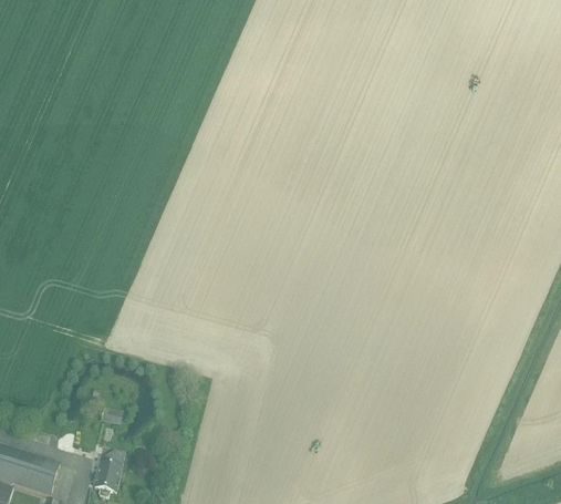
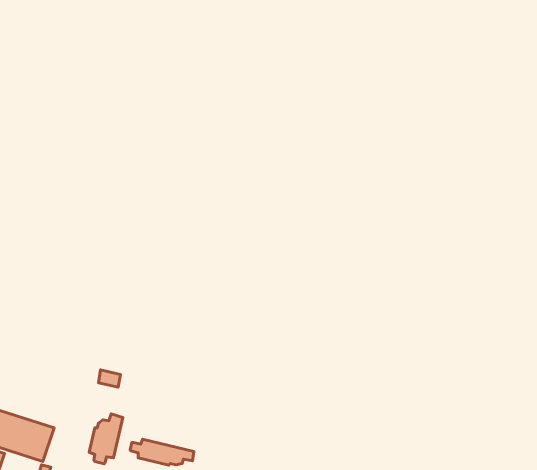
building: none -> [130,439,194,465]

